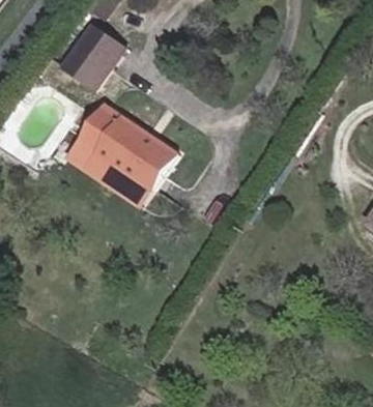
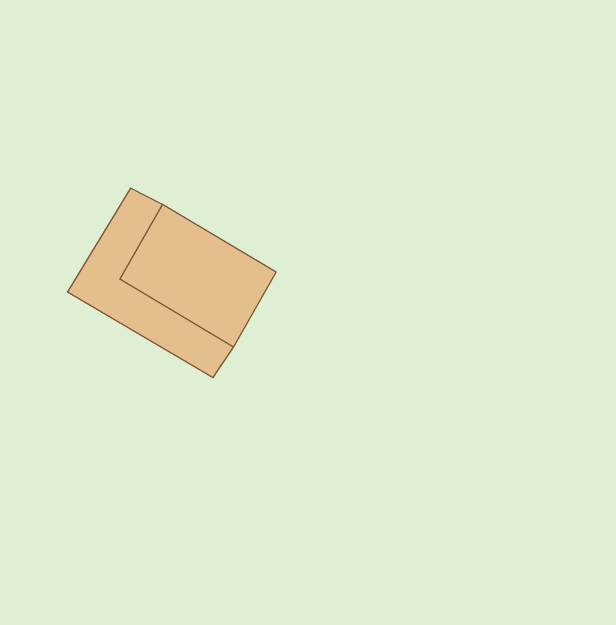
building: [70,38,130,100] -> none

